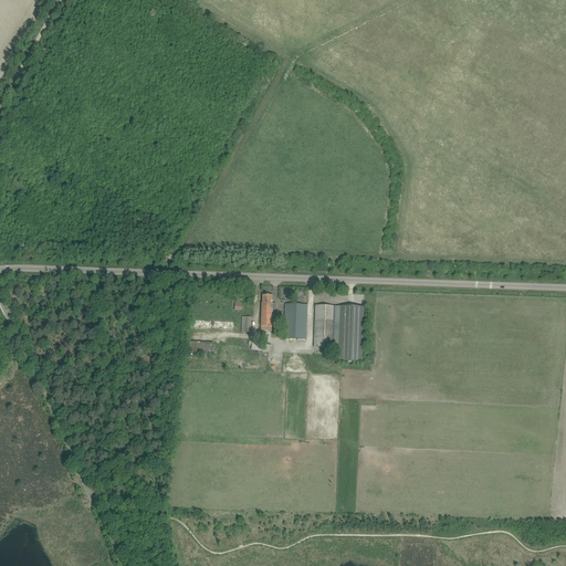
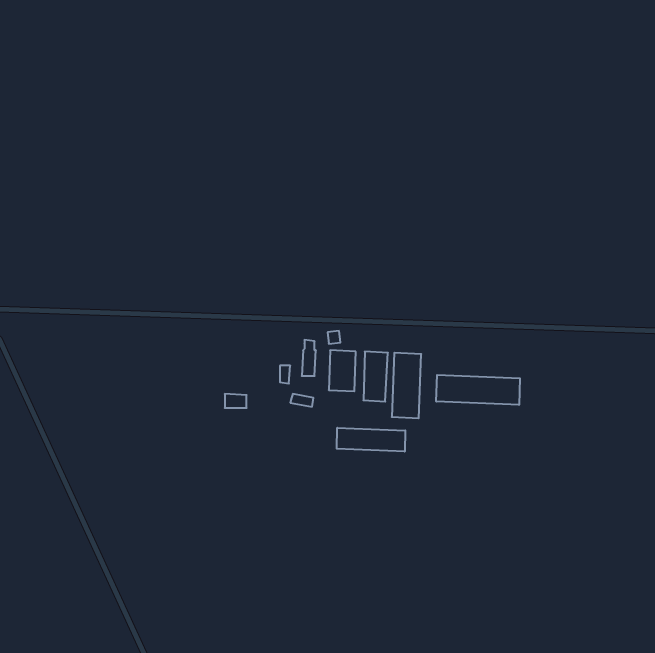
building: none -> [436,375,520,405]
building: none -> [337,428,405,452]

